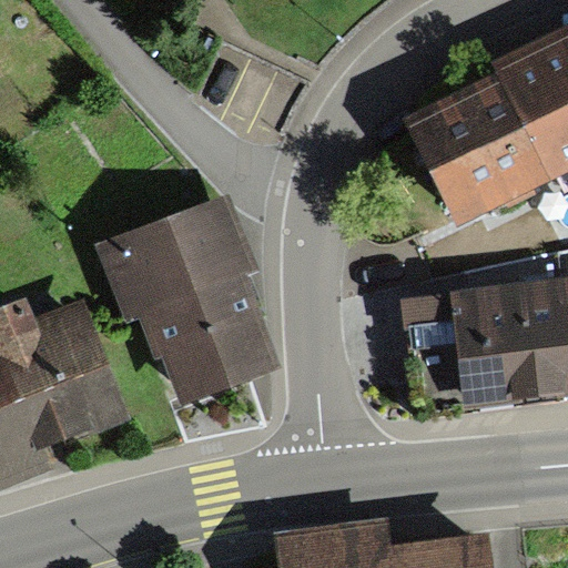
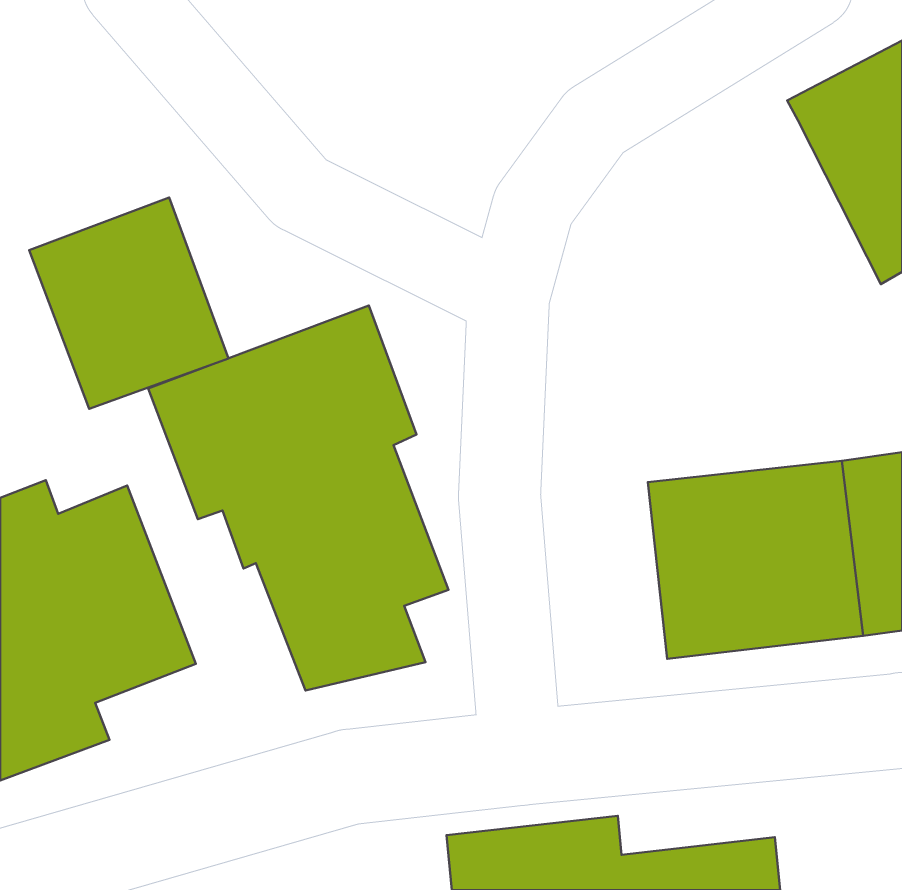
building: [406,75,554,230] -> none
building: none -> [29,198,228,409]

